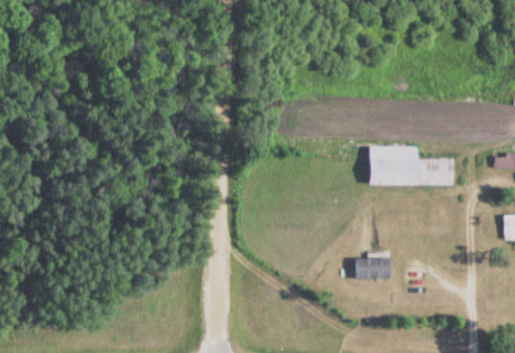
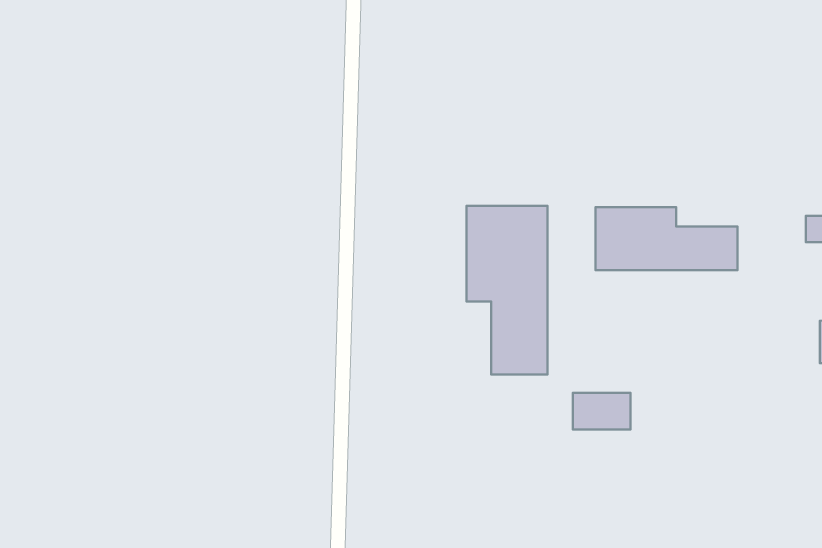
building: none -> [467,206,547,374]

